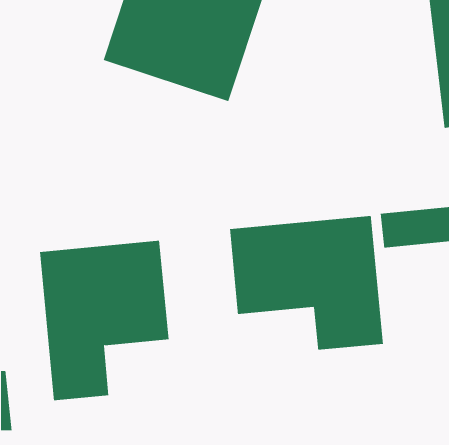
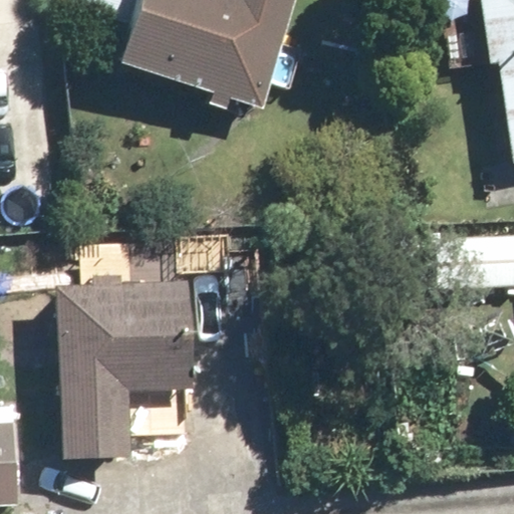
building: [229,215,383,351] -> none

